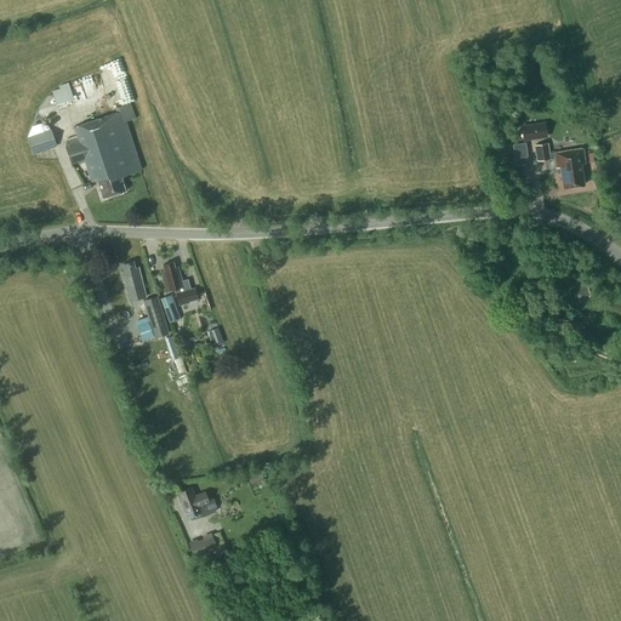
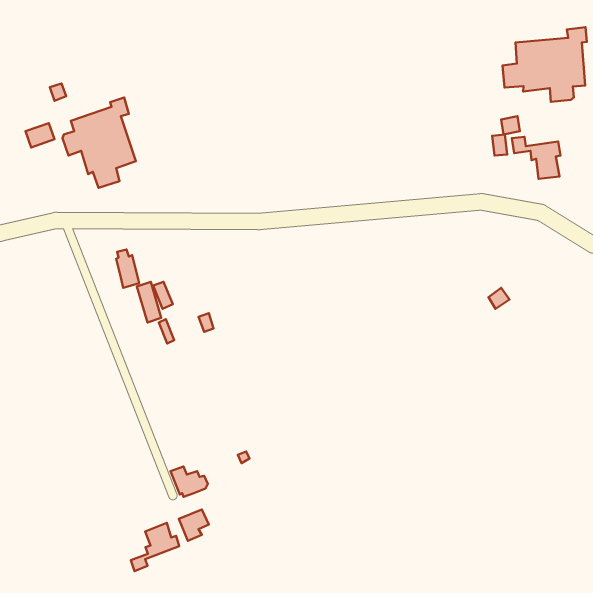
building: none -> [502,27,587,102]
building: [161,262,196,304] -> none
building: none -> [131,523,179,571]

